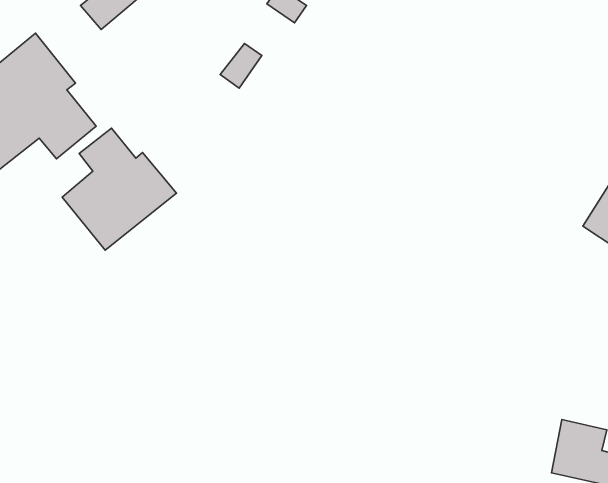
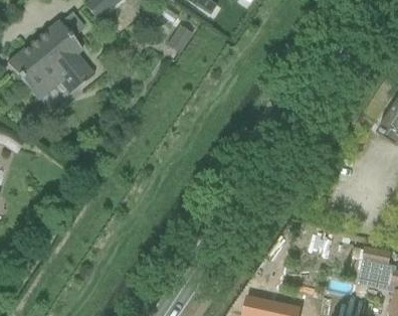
building: [62,128,176,250] -> none

